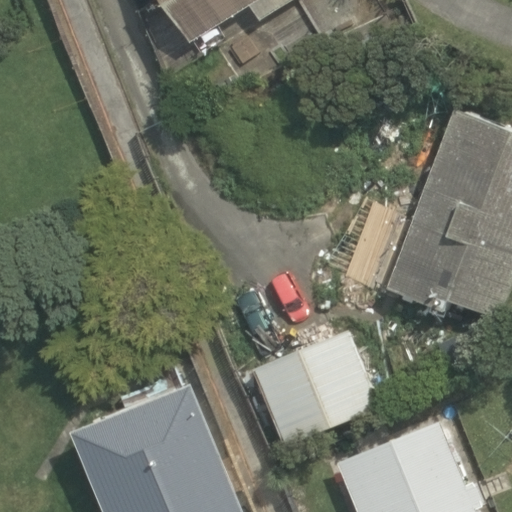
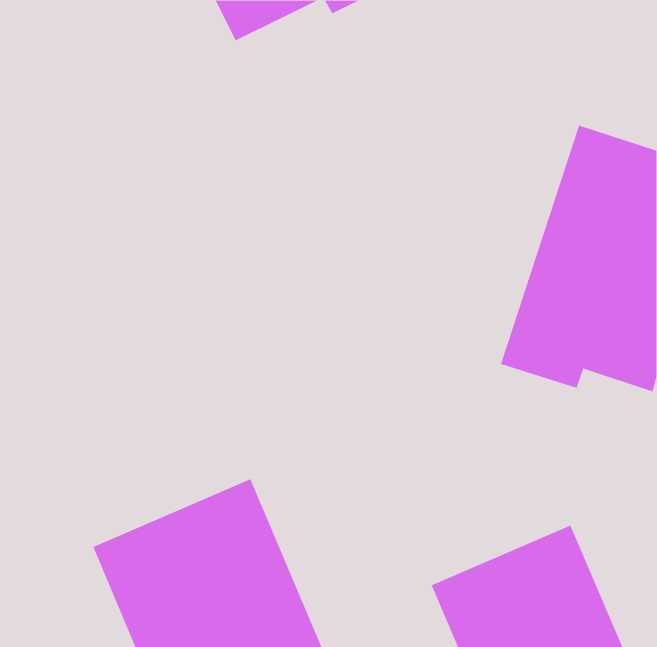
building: [254,334,378,448] -> none

